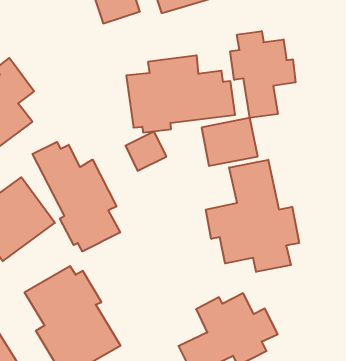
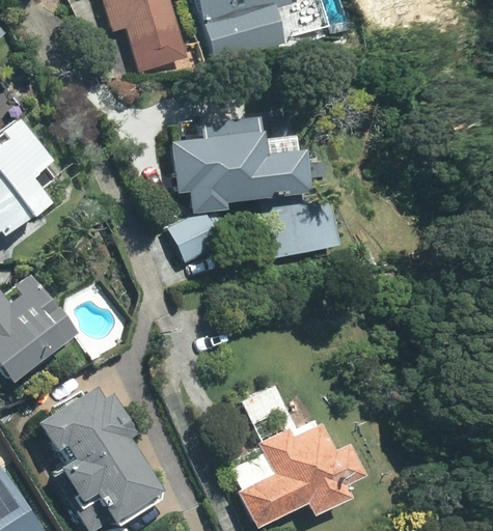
building: [230,31,296,118] -> none
building: [32,142,120,251] -> none
building: [206,160,299,272] -> none

